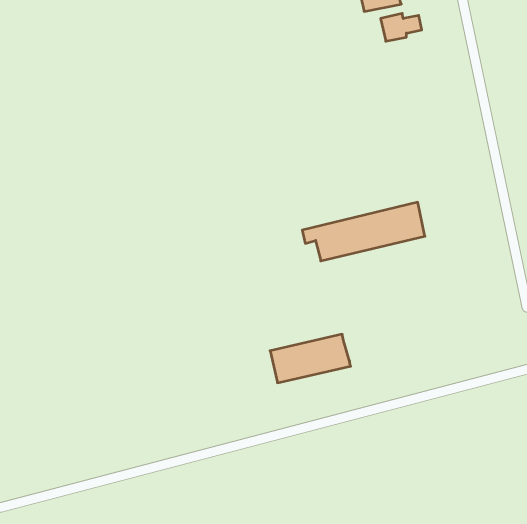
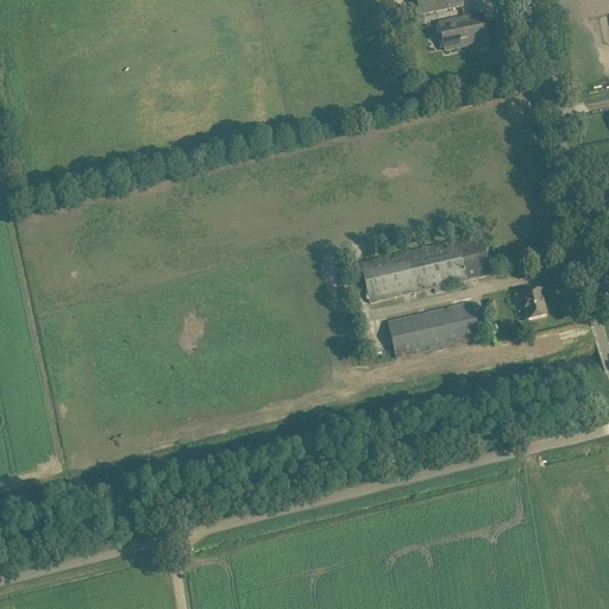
building: none -> [521,288,547,319]
building: [270,334,351,383] -> [388,301,481,357]

